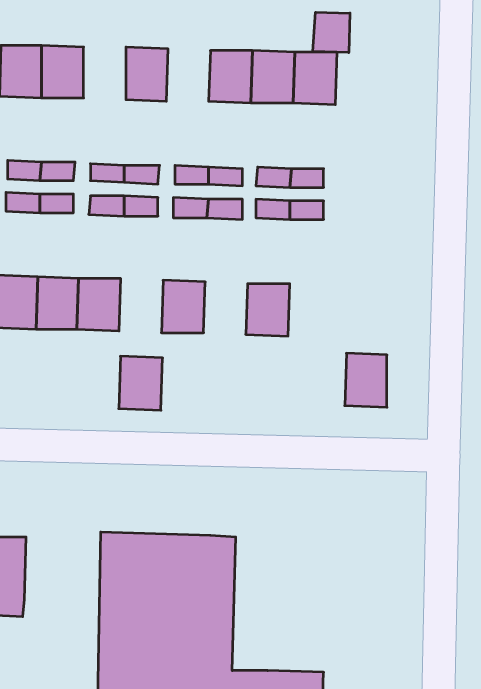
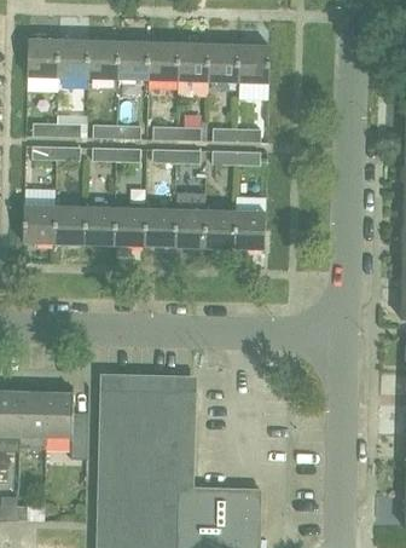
building: [313,12,350,53] -> none
building: none -> [87,41,117,79]
building: none -> [146,42,178,80]
building: none -> [173,209,204,247]
building: [345,353,387,407] -> [233,210,263,249]
building: [119,356,163,410] -> [112,207,144,246]
building: none -> [45,392,87,458]

